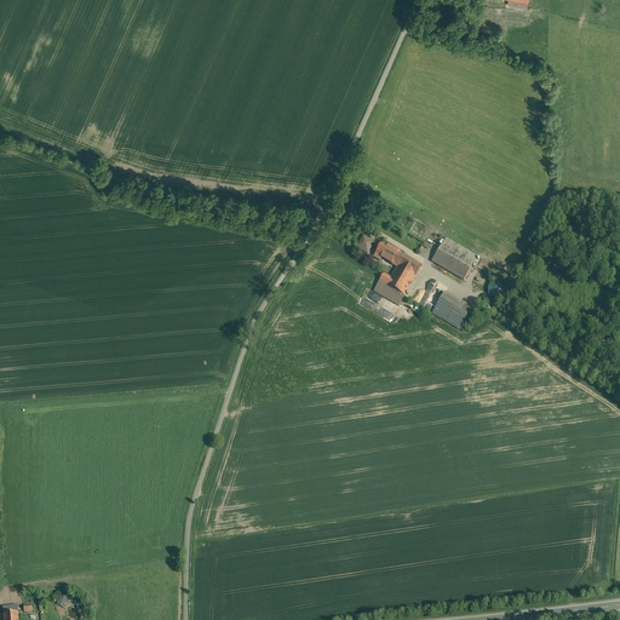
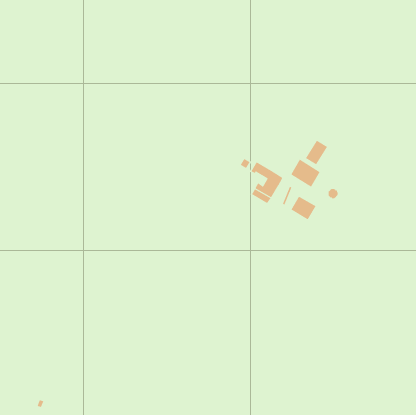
building: none -> [305,140,328,165]

